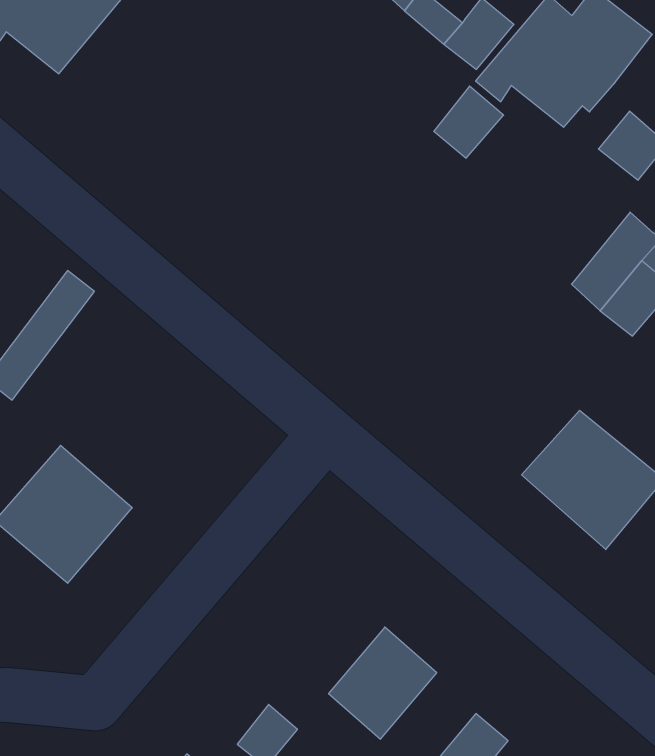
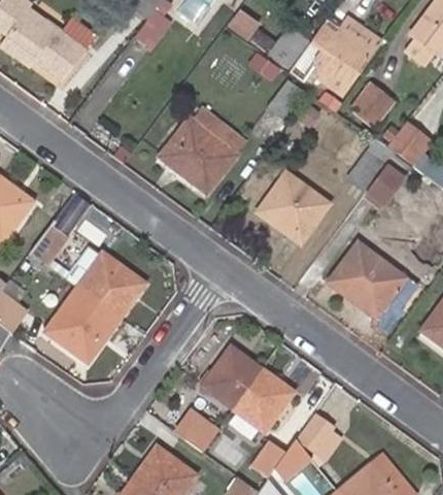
building: none -> [160,103,247,192]
building: none -> [259,171,328,241]
building: none -> [78,251,144,316]
building: none -> [181,348,261,415]

